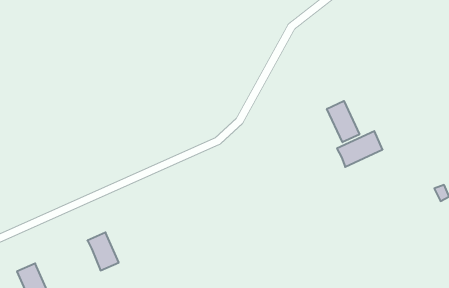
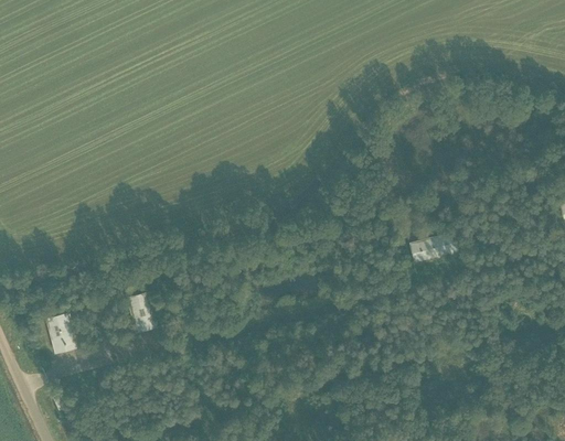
building: [327,101,359,142] -> none

